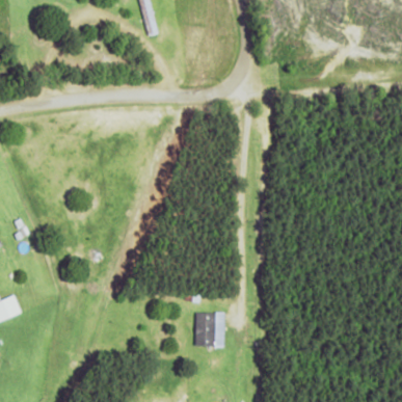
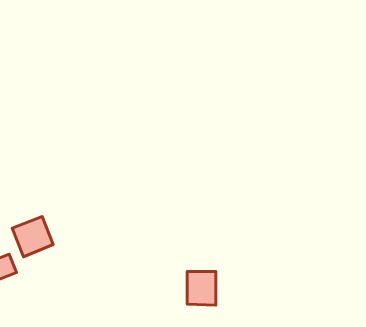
building: none -> [12,217,53,257]

